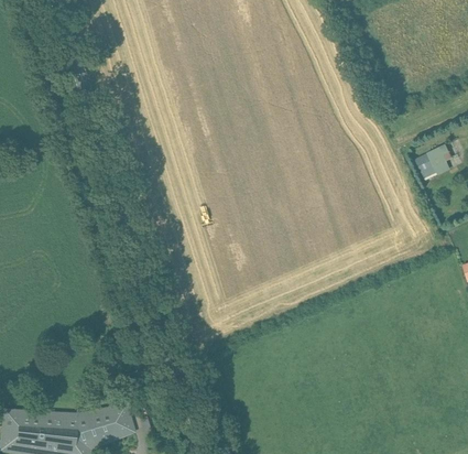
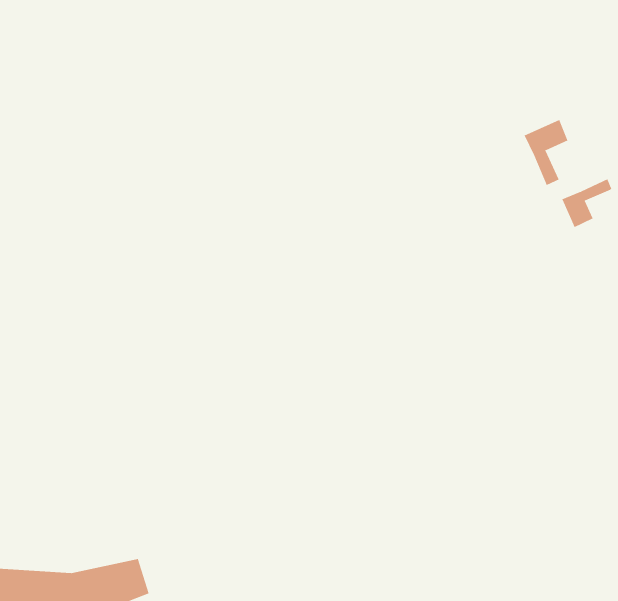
building: none -> [524,119,568,186]

